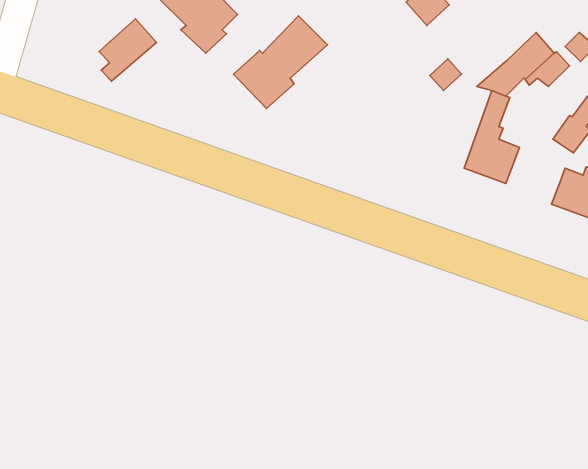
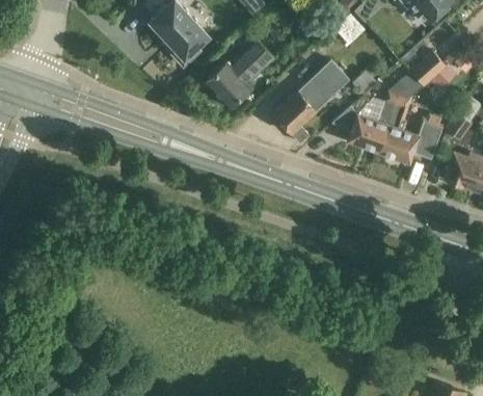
building: [99,19,156,81] -> none
building: none -> [273,60,350,142]
building: none -> [331,90,399,152]
building: none -> [413,113,444,159]

